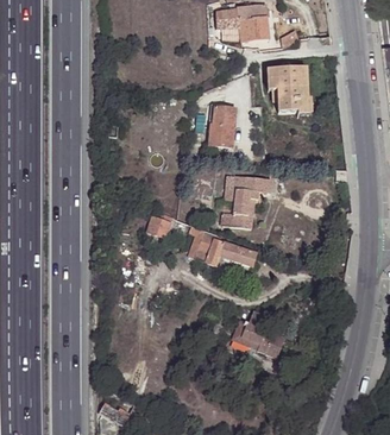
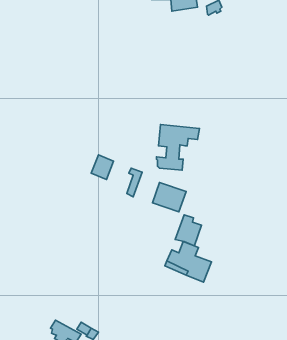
building: [270,67,308,113] -> none
building: [208,107,235,147] -> none
building: [195,231,226,266] -> [175,215,202,245]

